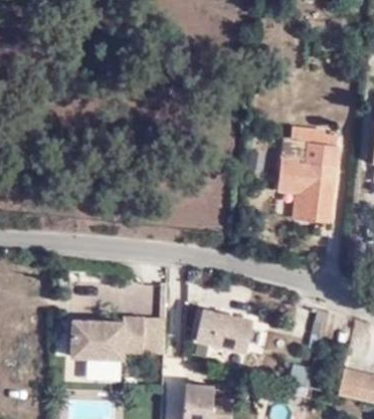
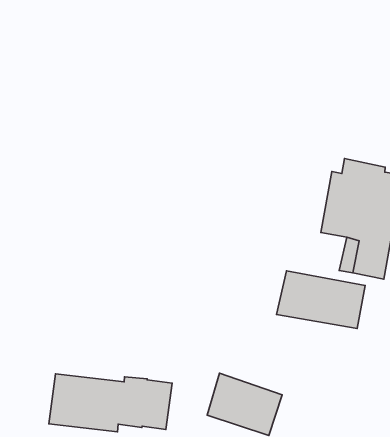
building: none -> [277,271,365,329]

